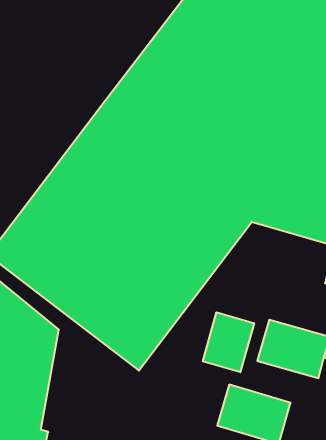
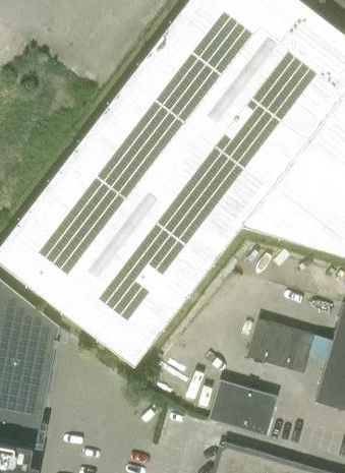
building: [203,312,254,372] -> none

